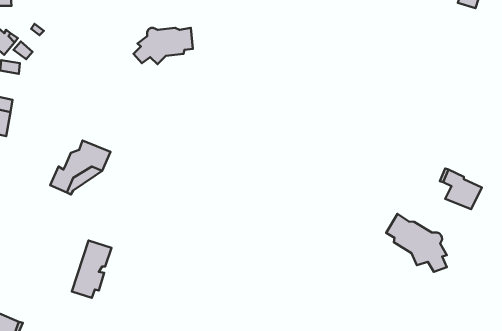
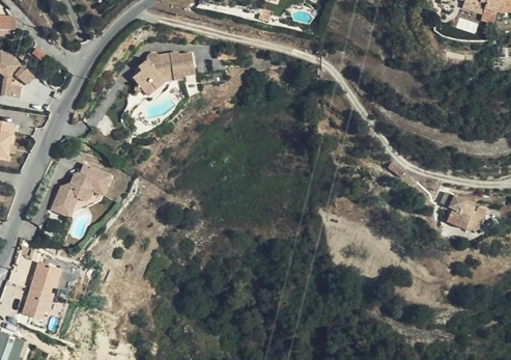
building: [386,214,447,272] -> none
building: [72,240,111,298] -> [23,262,62,320]

